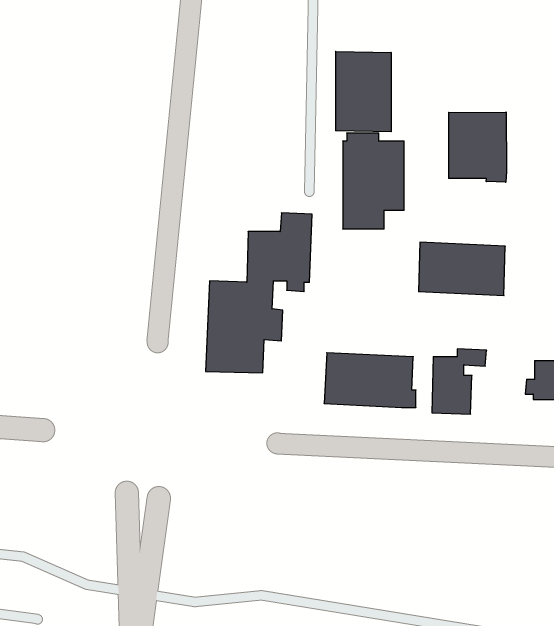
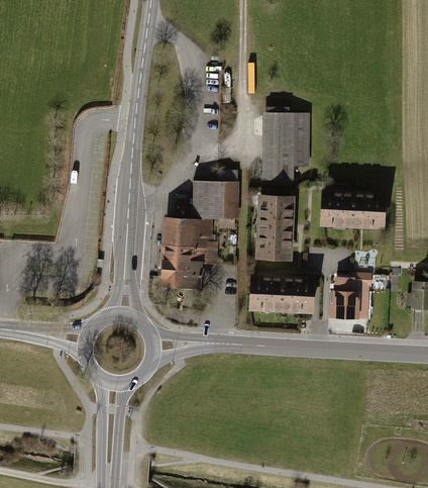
building: [336,51,391,132] -> none
building: [449,112,507,182] -> none
building: none -> [257,196,297,262]

